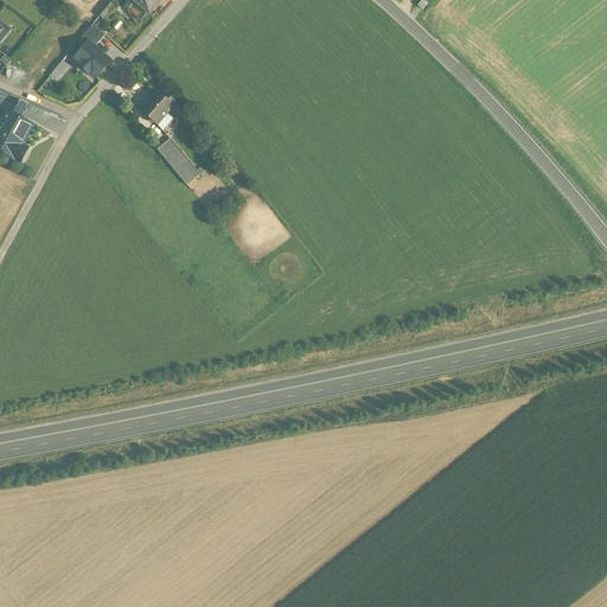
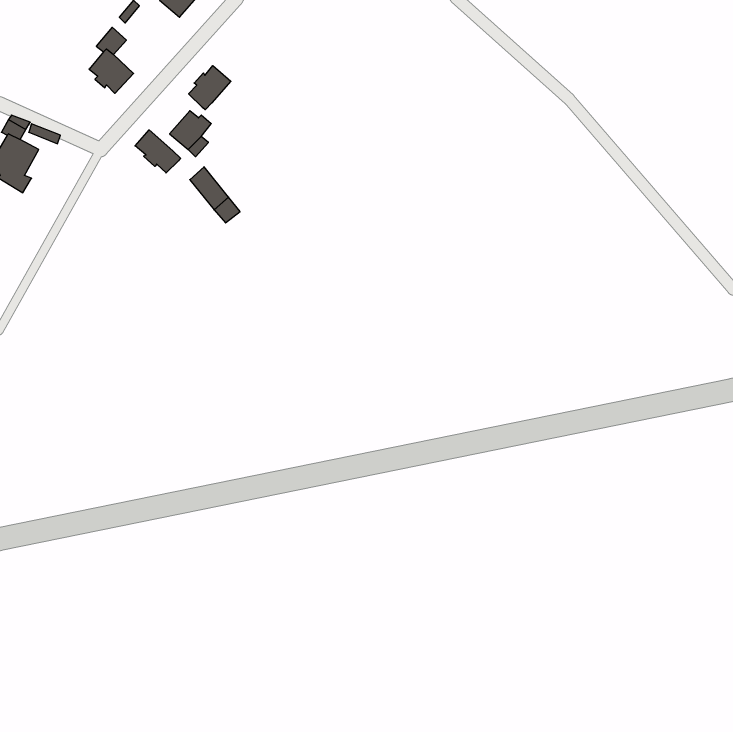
building: none -> [189,66,231,110]
building: none -> [135,130,181,173]

